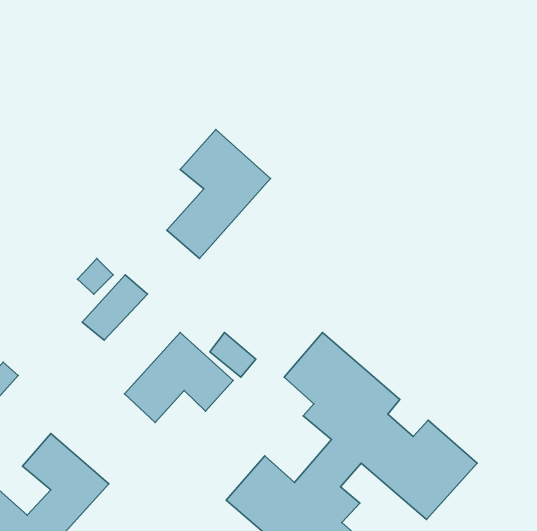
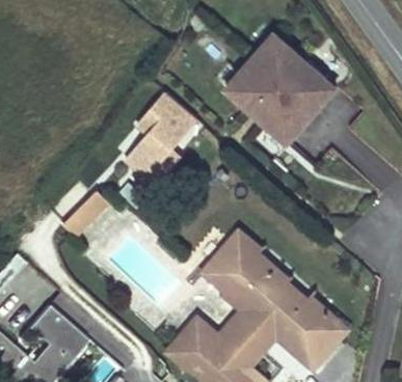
building: none -> [229,36,339,145]
building: [124,333,233,422] -> none

